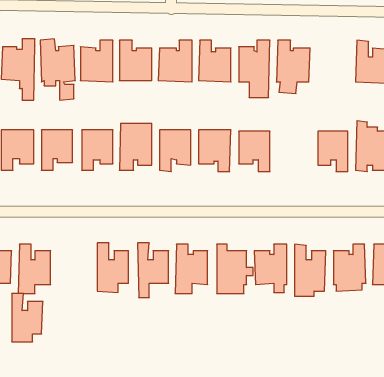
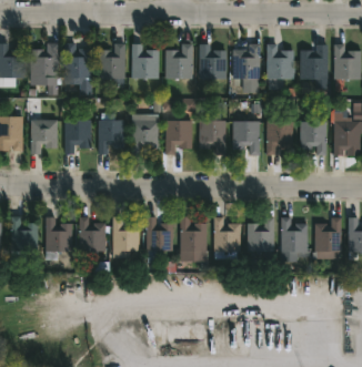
building: none -> [300,44,329,80]
building: none -> [267,122,293,155]
building: [12,294,43,342] -> [80,217,107,258]

